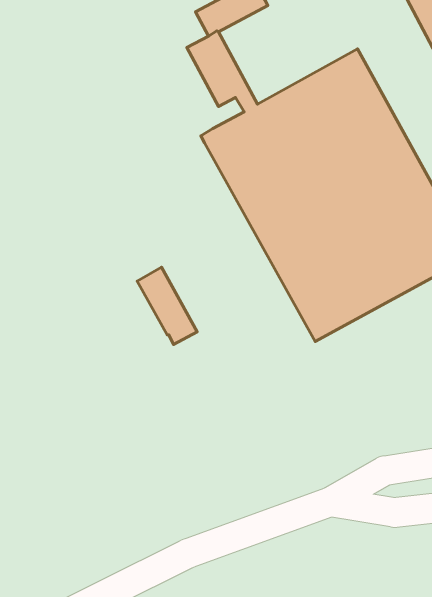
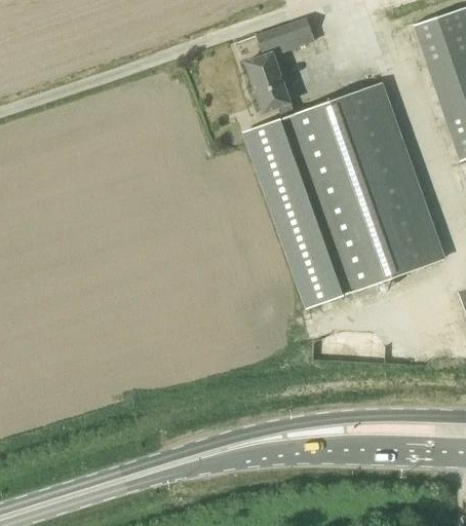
building: [137,267,197,345] -> none

